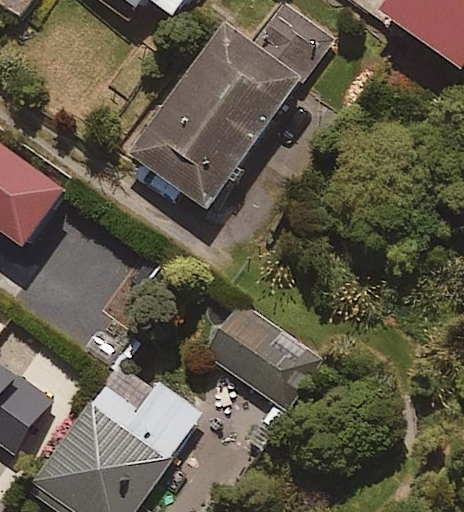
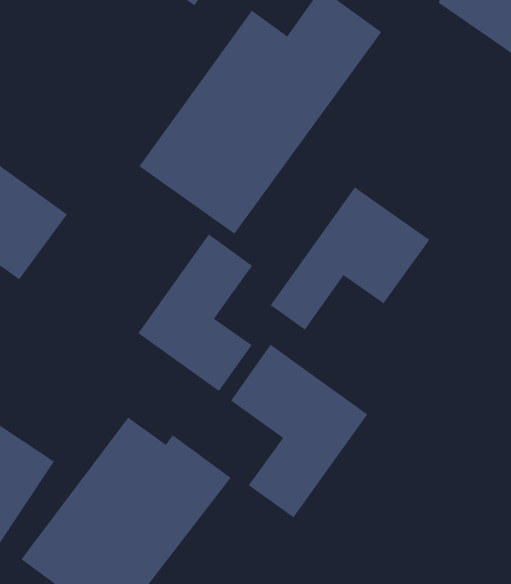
building: none -> [270,187,430,330]
building: none -> [137,233,253,392]

